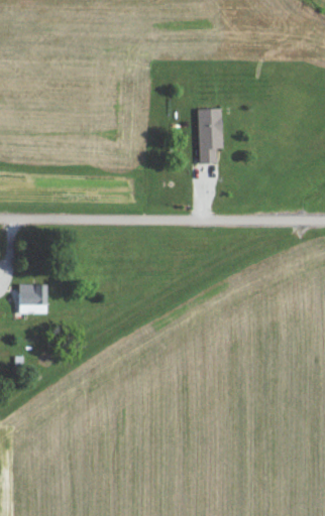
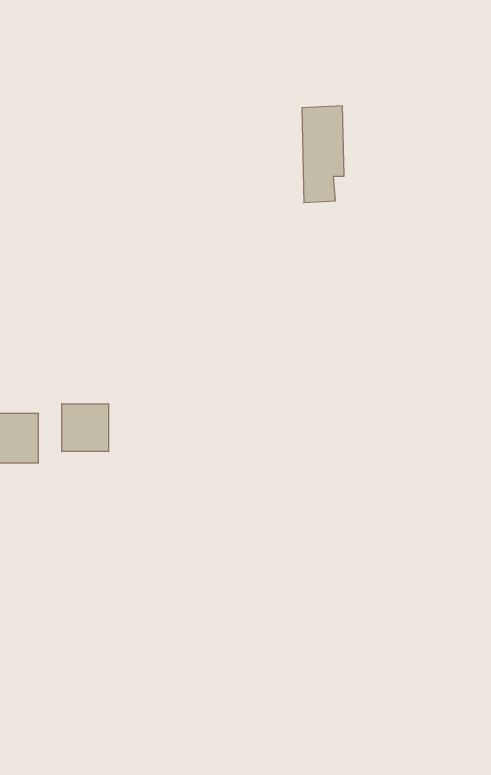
building: none -> [62,404,109,452]

